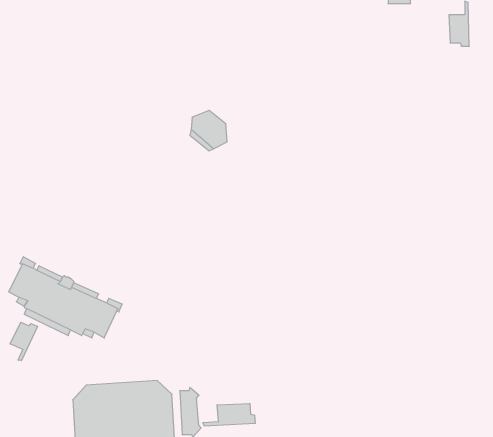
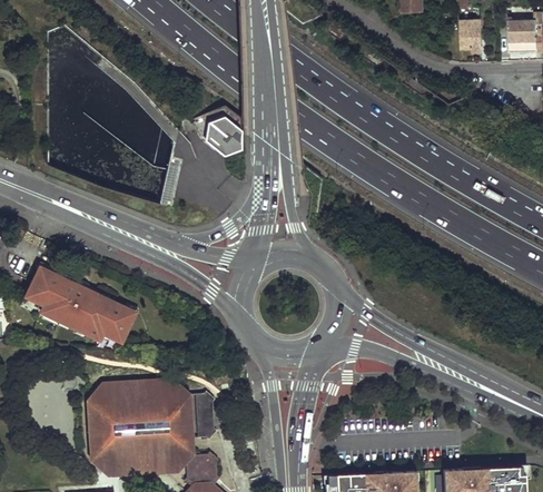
building: [10,322,38,361] -> none
building: [203,403,255,426] -> none

